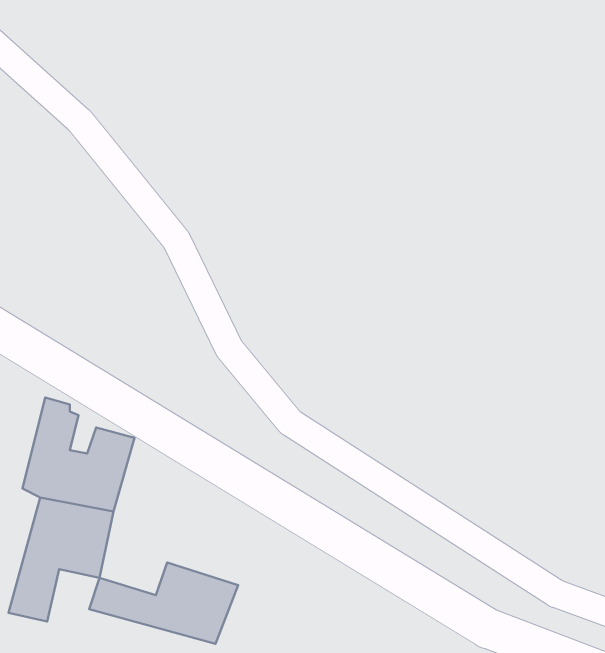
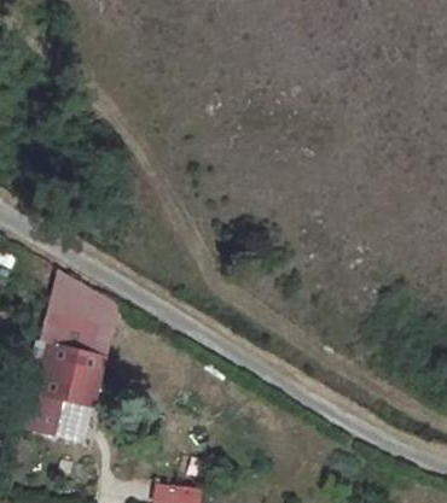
building: [89,562,238,644] -> none

